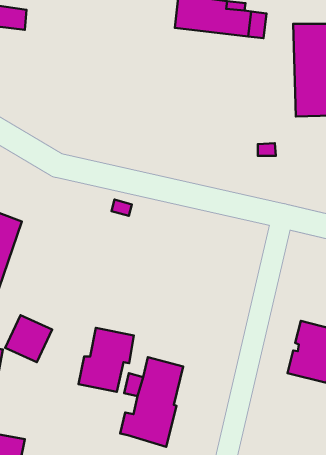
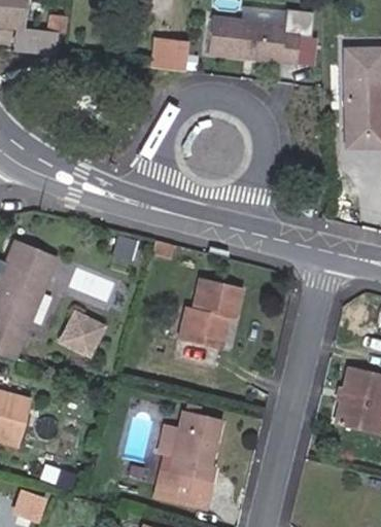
building: none -> [149,37,183,69]
building: [5,315,52,362] -> [62,309,112,359]
building: [79,328,134,392] -> [176,279,236,348]

